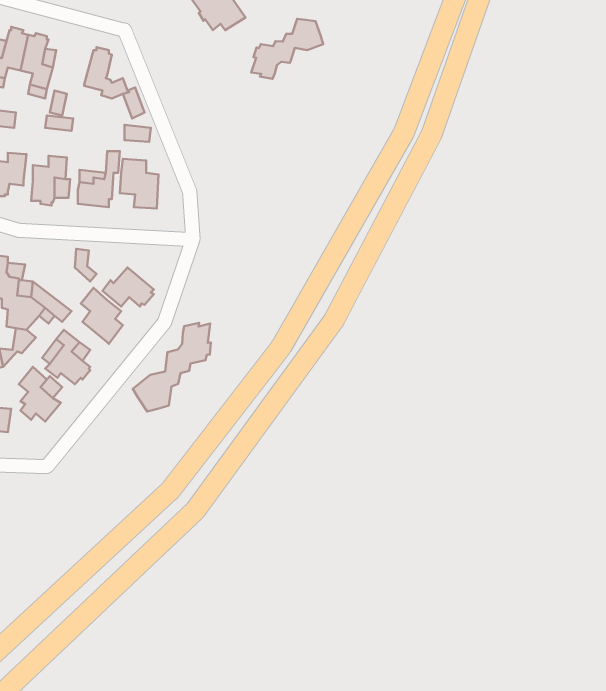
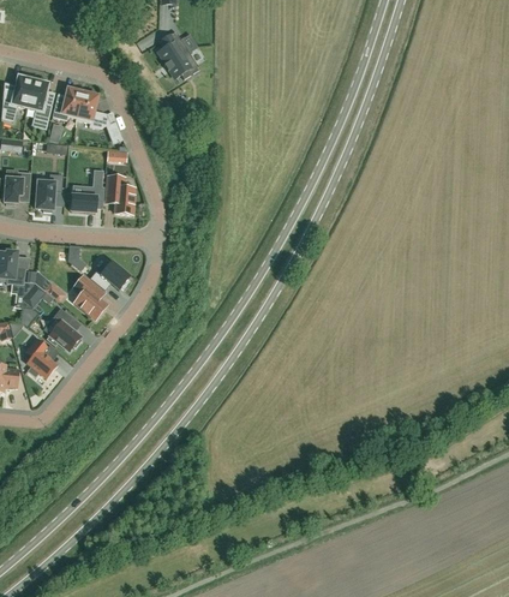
building: [251,19,323,79] -> none
building: none -> [53,85,83,120]
building: [133,323,211,411] -> none

